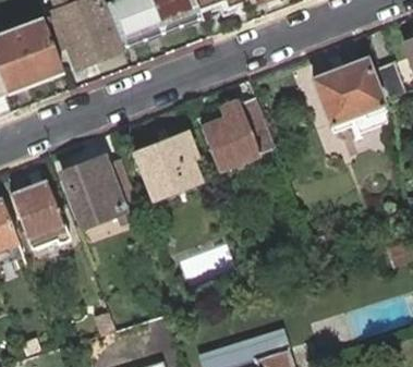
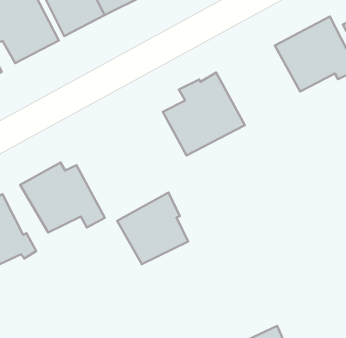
building: [137,133,199,195] -> [117,192,188,264]

